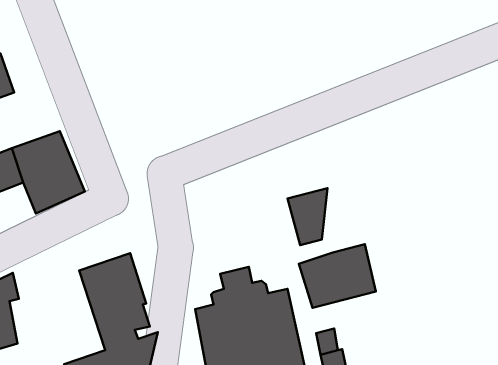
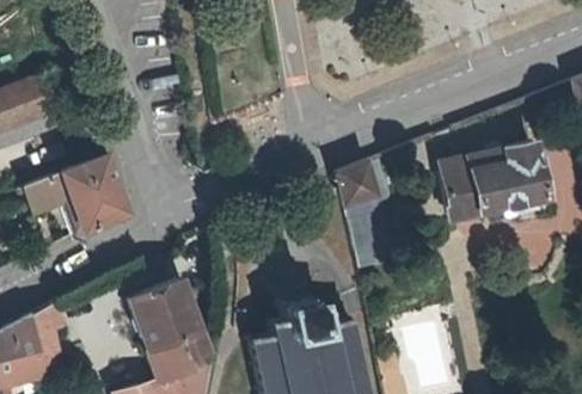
building: none -> [436,135,559,221]
building: none -> [336,155,392,215]
building: [299,244,376,308] -> none

